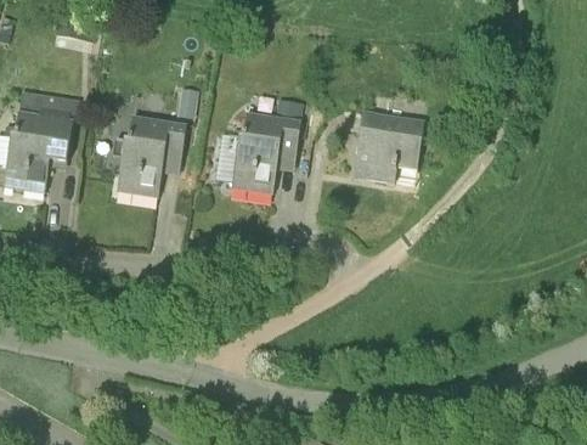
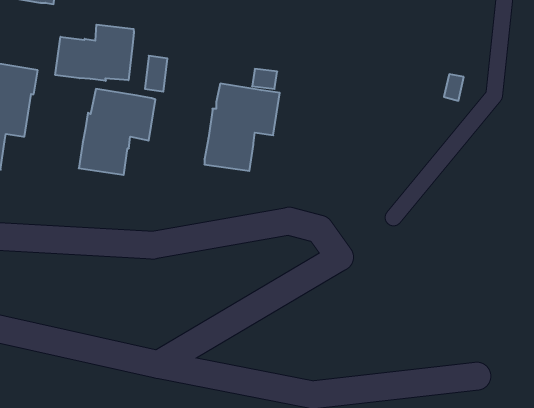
building: none -> [55,25,134,81]
building: [354,112,423,184] -> none

